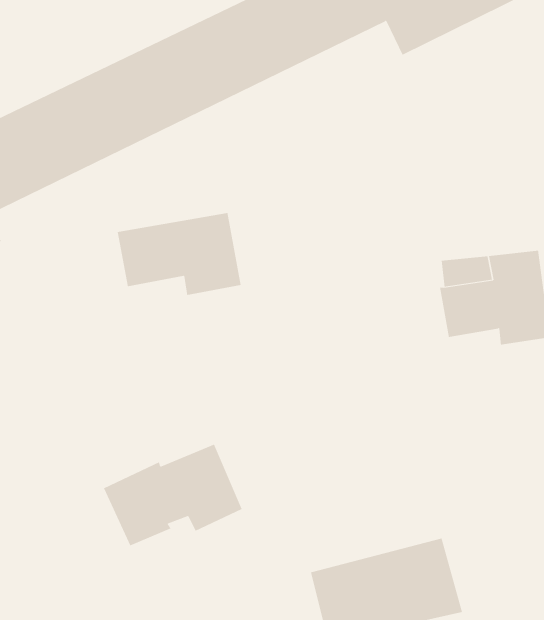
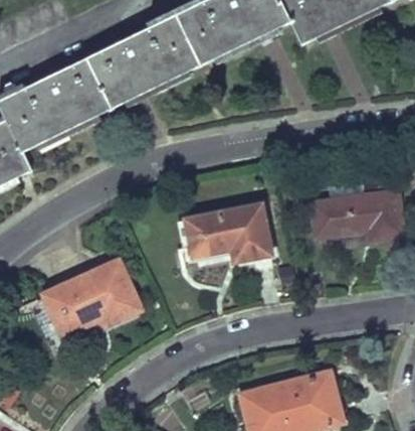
building: [117,212,241,296] -> [186,205,270,262]
building: [103,444,243,546] -> [44,265,139,334]

